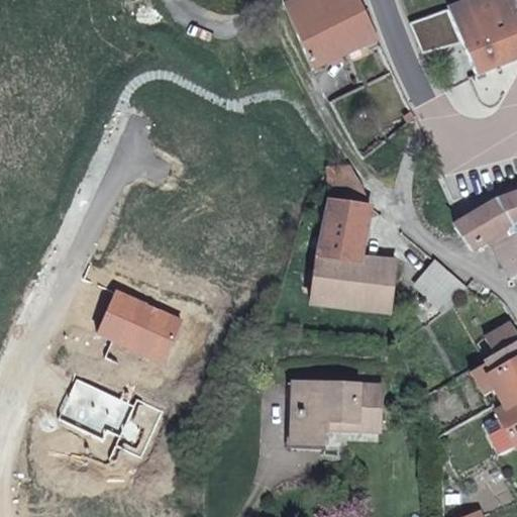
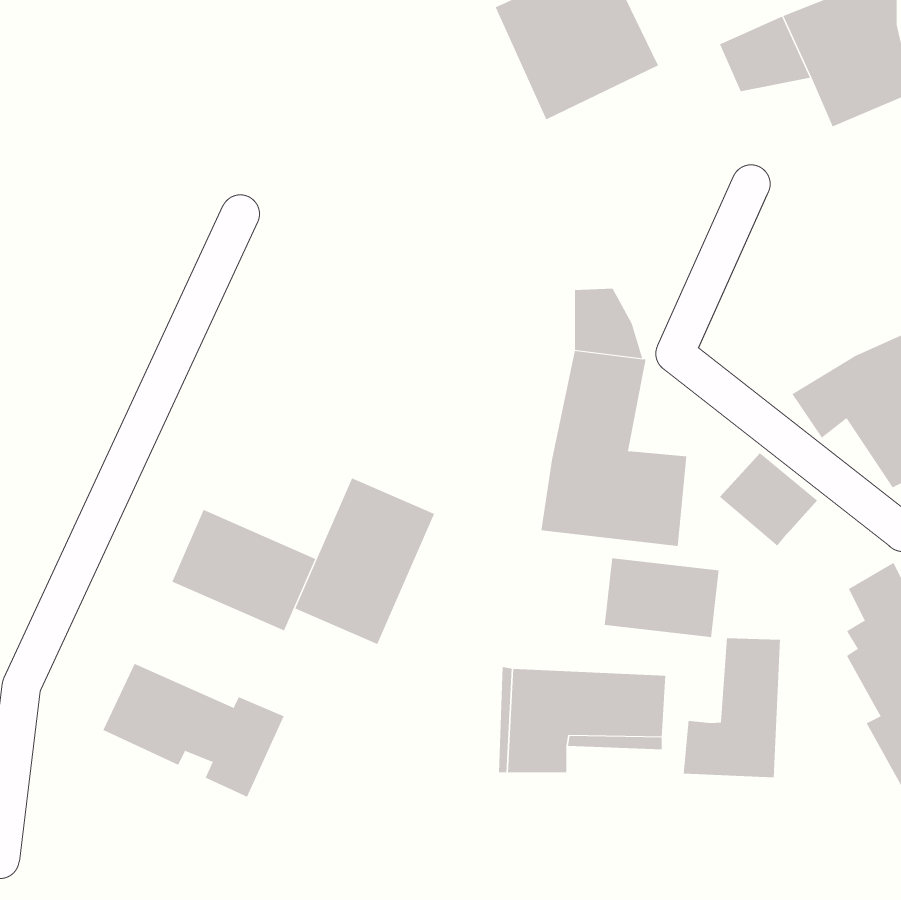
building: none -> [294,477,435,645]
building: none -> [604,557,719,638]
building: none -> [683,637,780,778]

